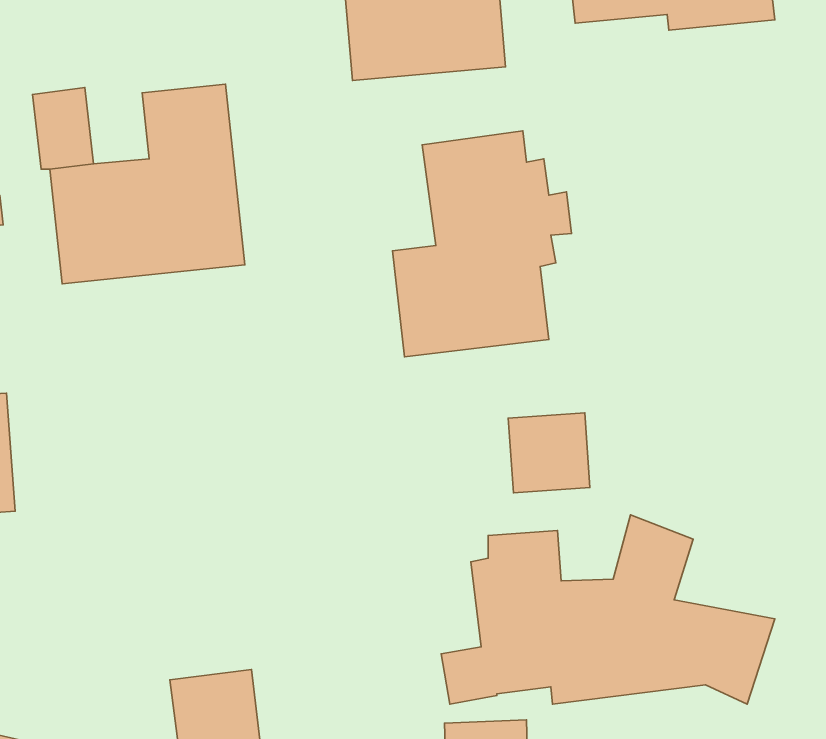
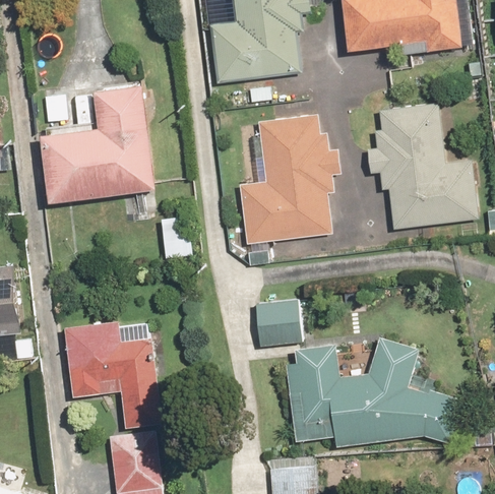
building: none -> [366,102,479,232]
building: [508,413,590,493] -> [256,301,304,348]
building: none -> [65,323,164,426]

